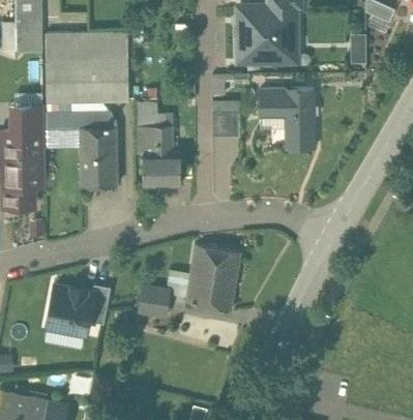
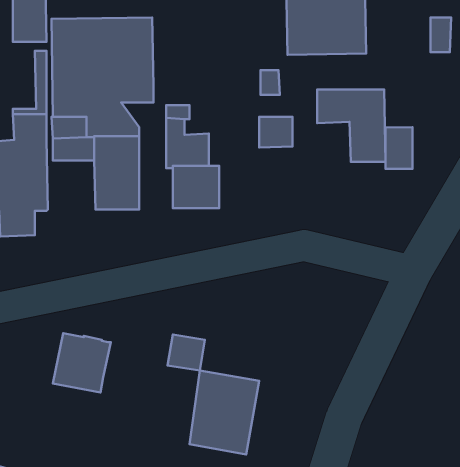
building: none -> [385,127,412,169]
building: [185,245,241,312] -> [190,371,259,454]
building: [87,286,110,325] -> none

